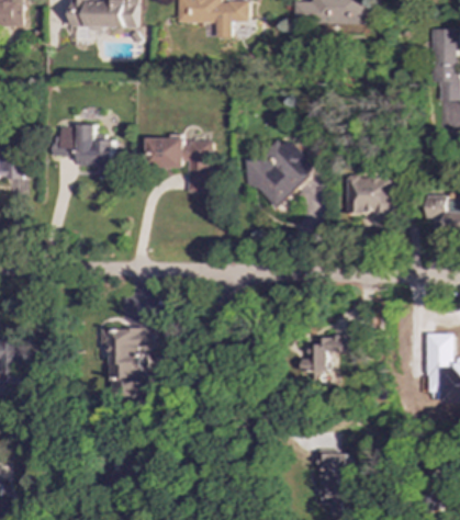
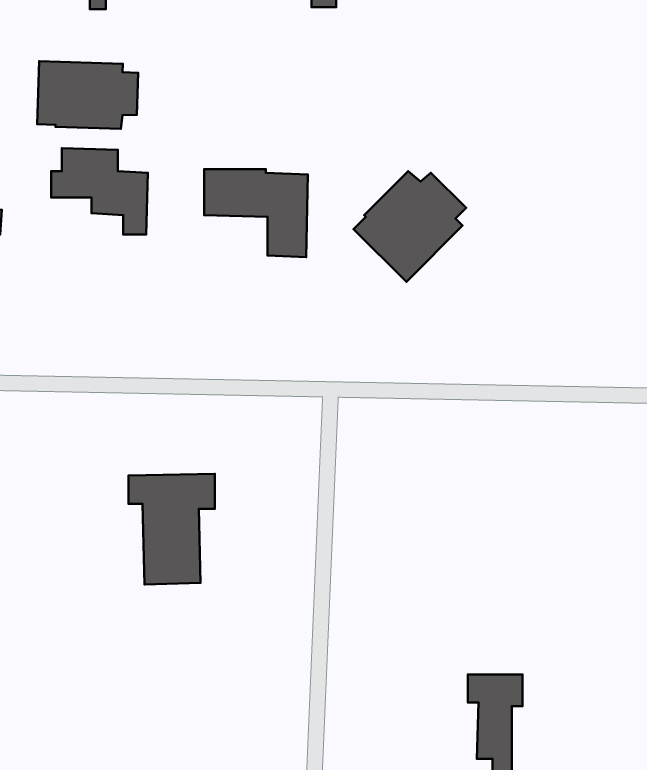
building: none -> [37,61,138,129]
building: [345,174,392,221] -> none
building: [301,335,351,371] -> none

